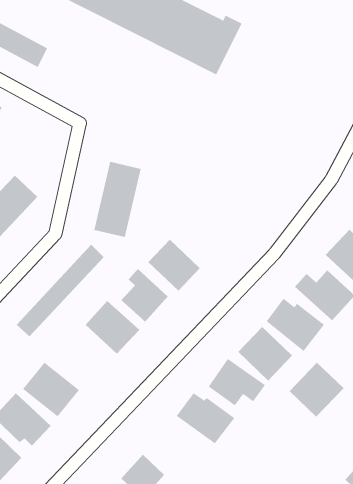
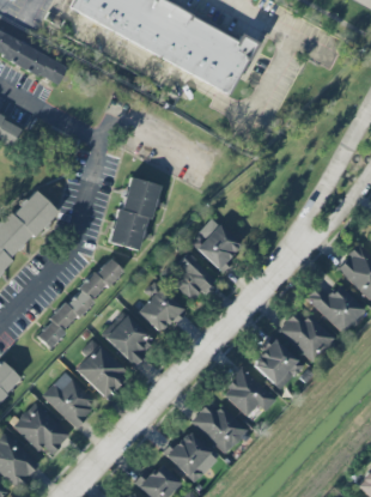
building: none -> [189,218,243,272]
building: none -> [75,339,129,399]
building: [289,362,344,418] -> none
building: none -> [164,429,219,484]

